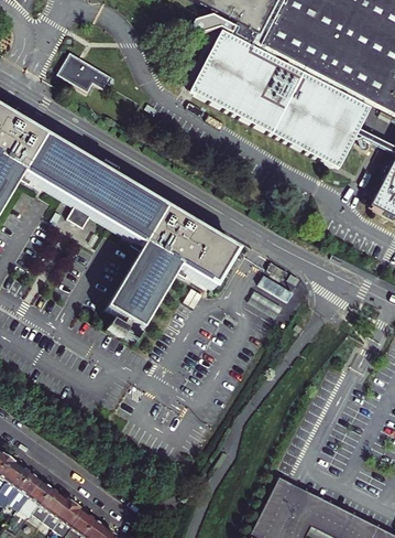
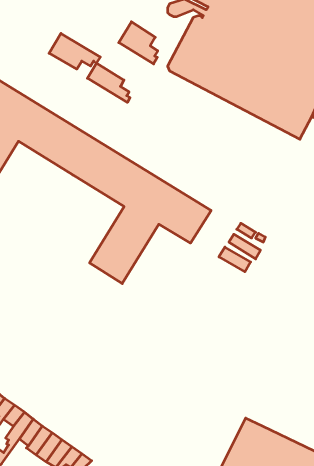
building: none -> [119,22,158,64]
building: none -> [87,63,130,102]

